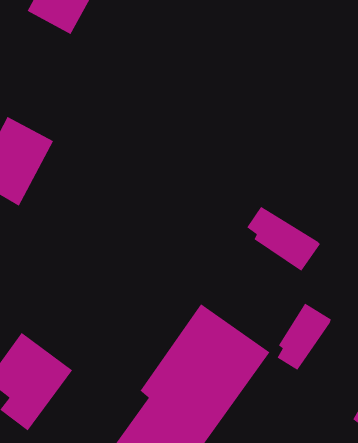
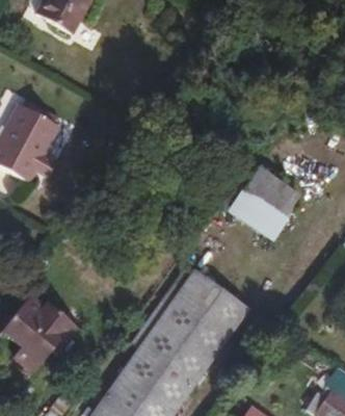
building: none -> [248,171,297,212]
building: [277,302,332,371] -> none

